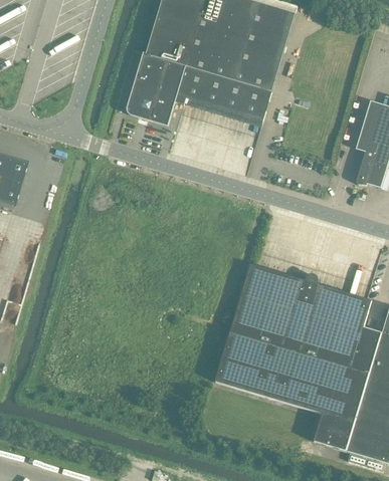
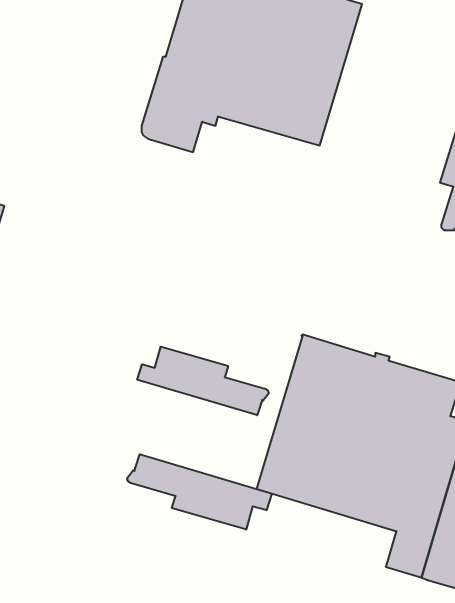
building: none -> [137,347,269,415]
building: none -> [127,454,272,530]

